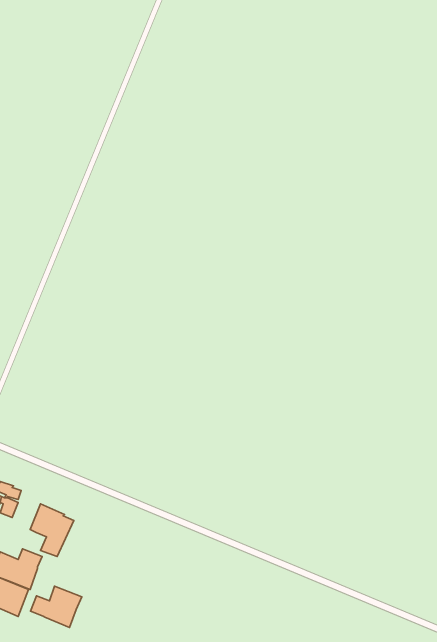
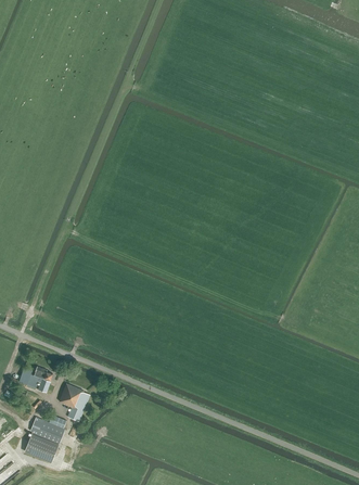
building: [30,586,82,627] -> none

